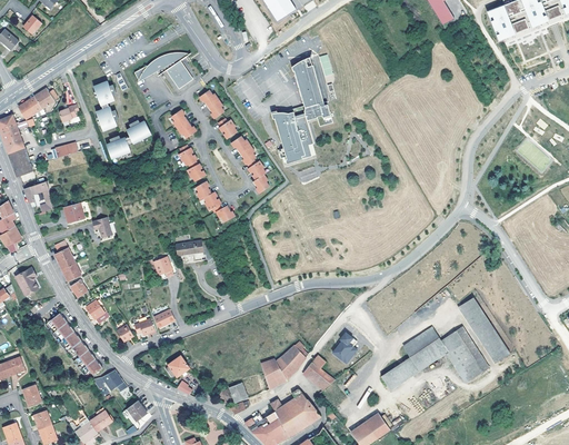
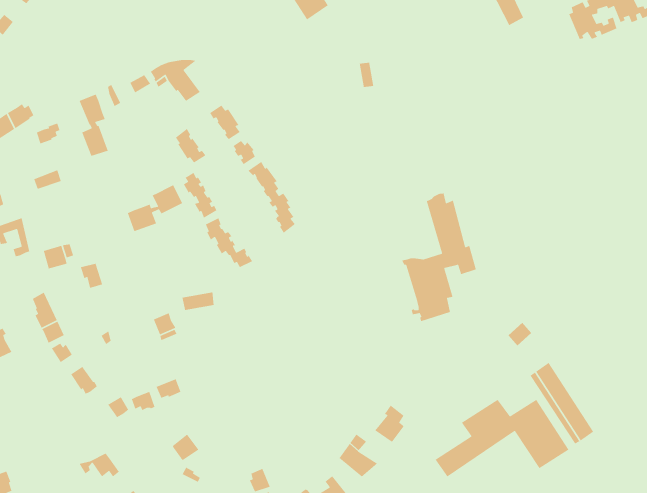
building: [270,58,331,164] -> [401,191,477,322]
building: [106,120,151,159] -> [127,184,183,232]
building: [47,313,103,374] -> none
building: [260,342,306,389] -> none

